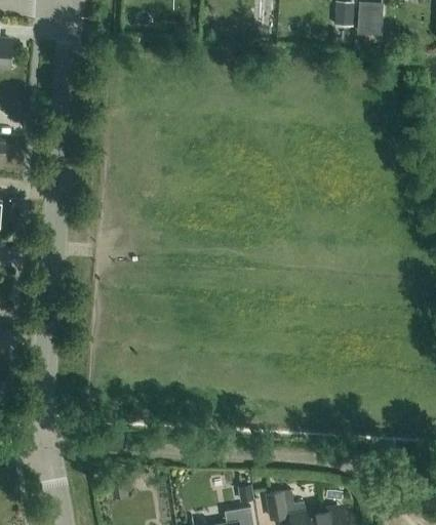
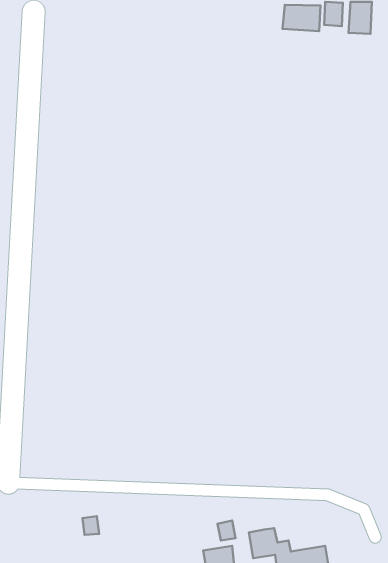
building: none -> [283,5,321,31]

